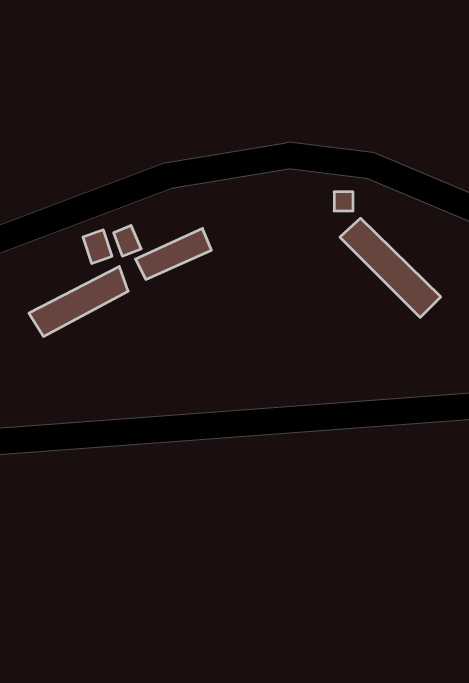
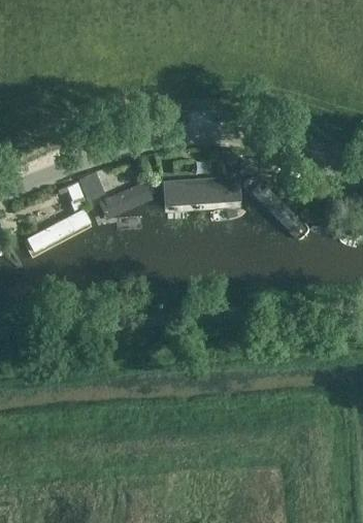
building: none -> [164,175,241,208]

